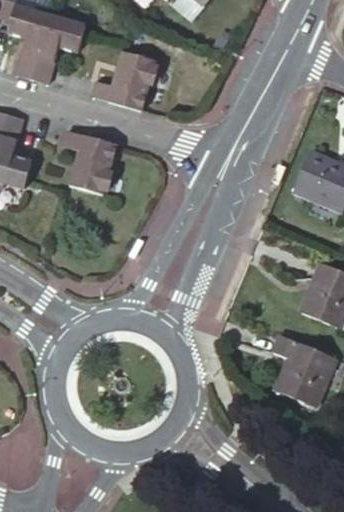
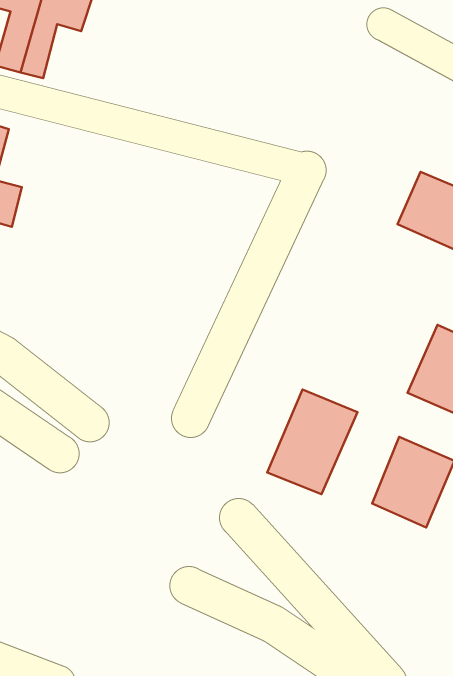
building: [90,52,151,111] -> none
building: [62,133,116,196] -> none
building: none -> [267,389,358,494]

